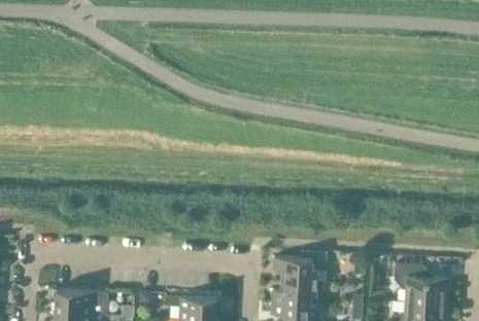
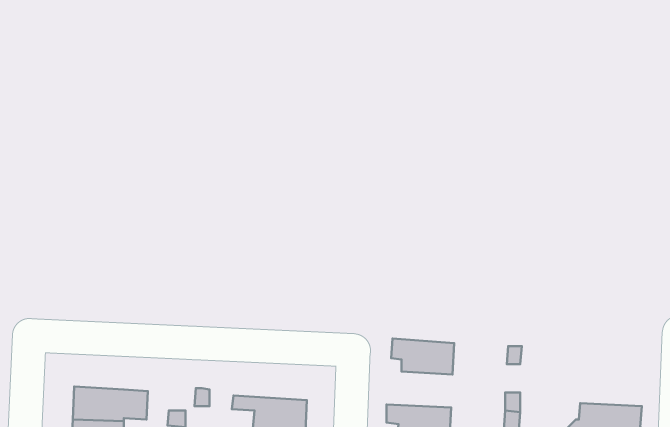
building: [392,263,449,304] -> none
building: [270,280,315,305] -> none

